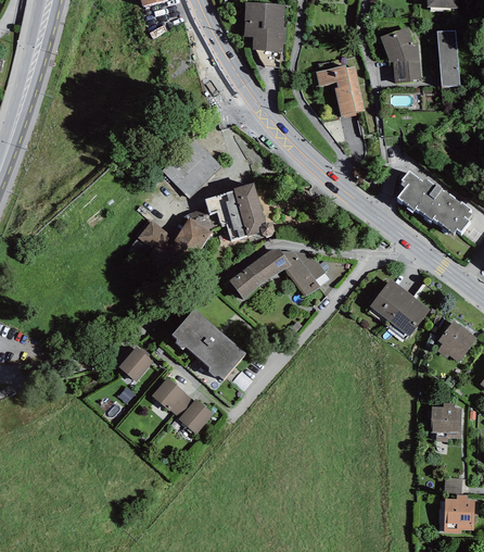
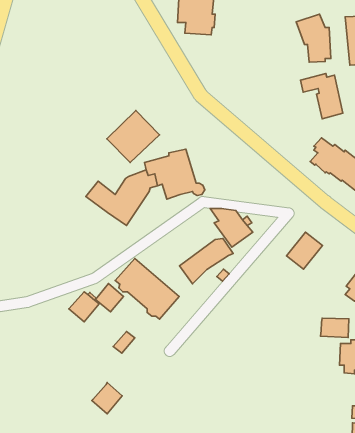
building: [316,64,365,116] -> [300,73,343,119]
building: [229,248,291,300] -> [179,238,233,284]
building: [389,293,430,336] -> none
building: none -> [321,318,349,337]
building: [152,377,184,410] -> [95,283,124,312]
building: [178,398,213,434] -> [92,383,122,414]

